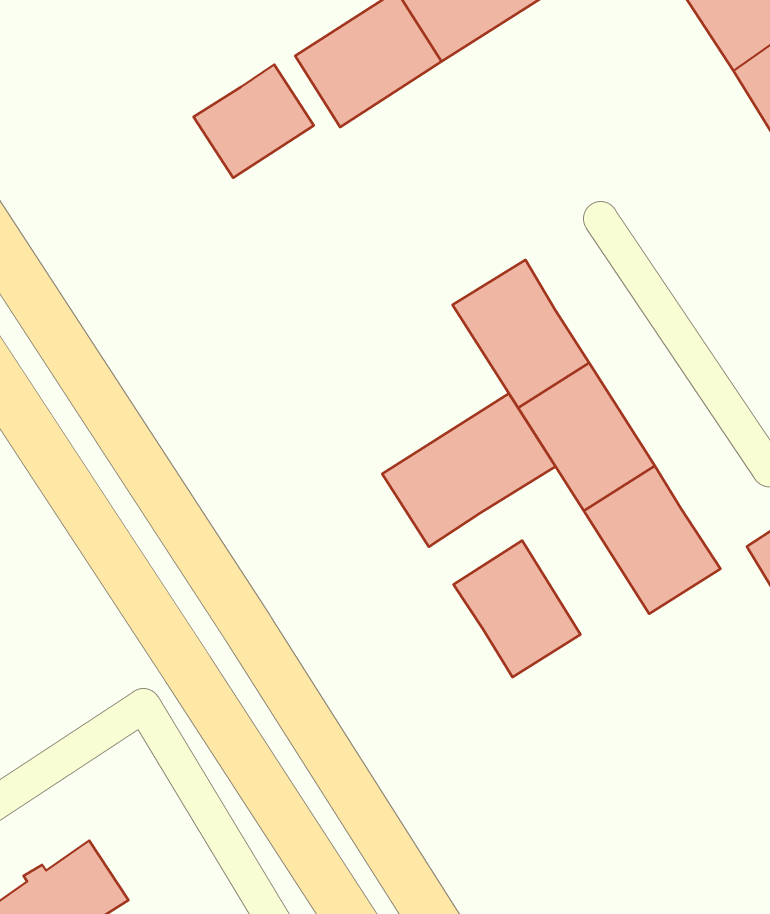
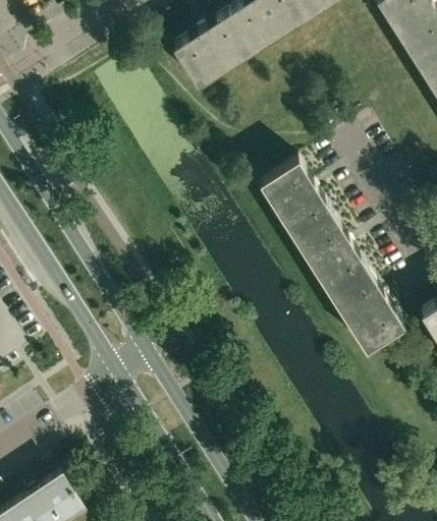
building: [193,65,314,178] -> none
building: [382,394,555,547] -> none
building: [453,540,580,677] -> none

